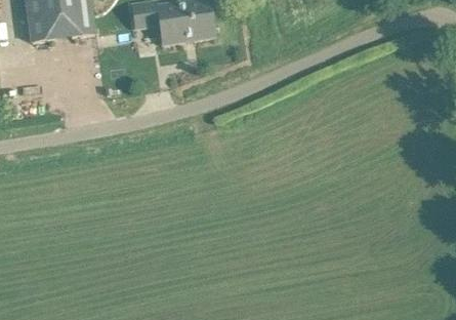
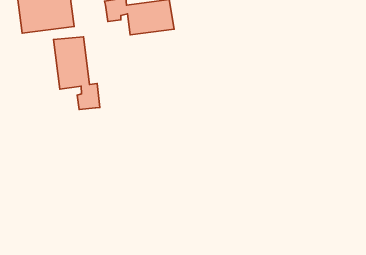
building: none -> [53,37,100,109]

